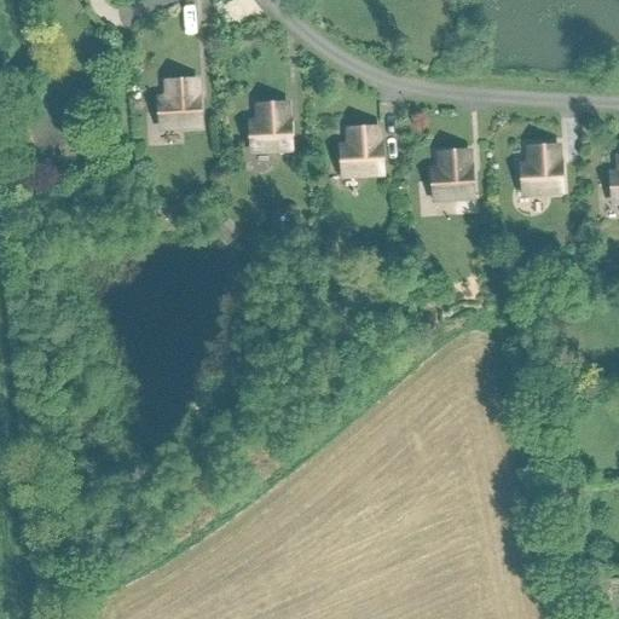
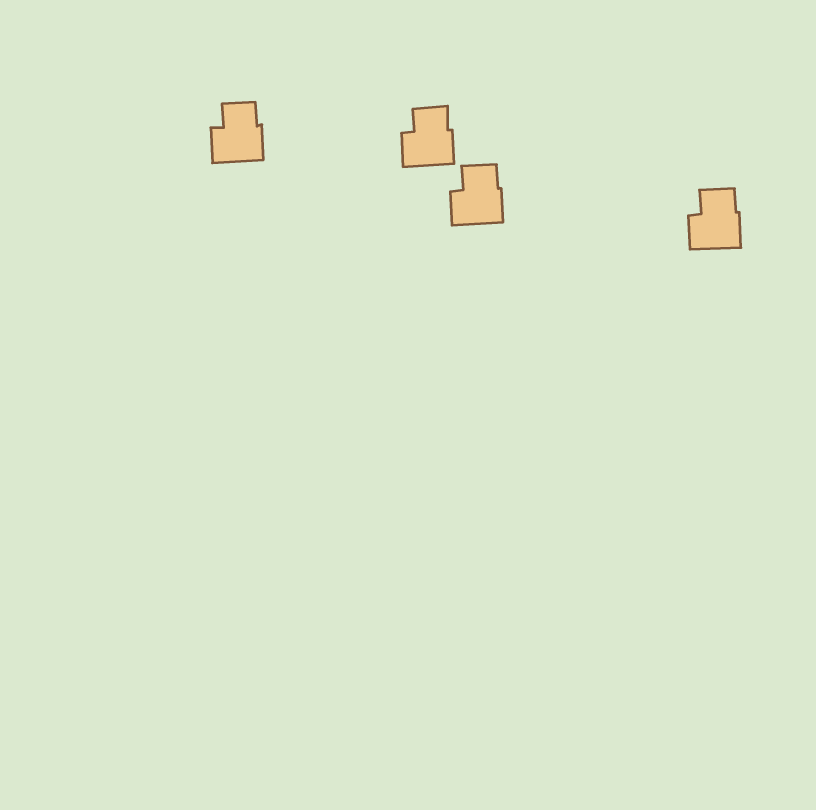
building: [250,100,290,146] -> [401,106,454,167]
building: [432,149,473,195] -> none

